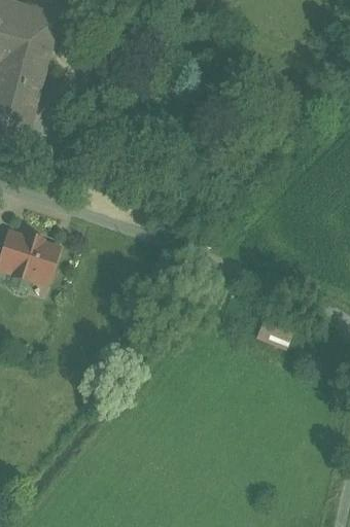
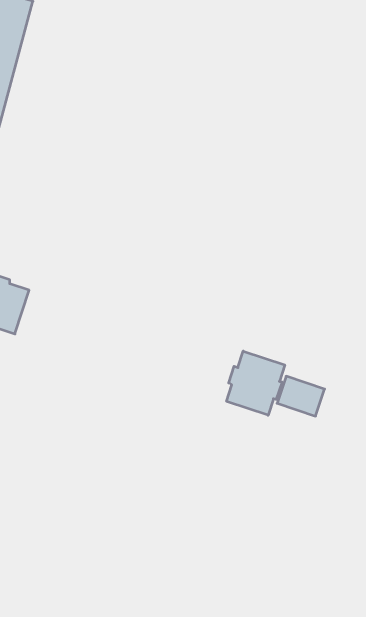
building: none -> [227,351,285,415]

